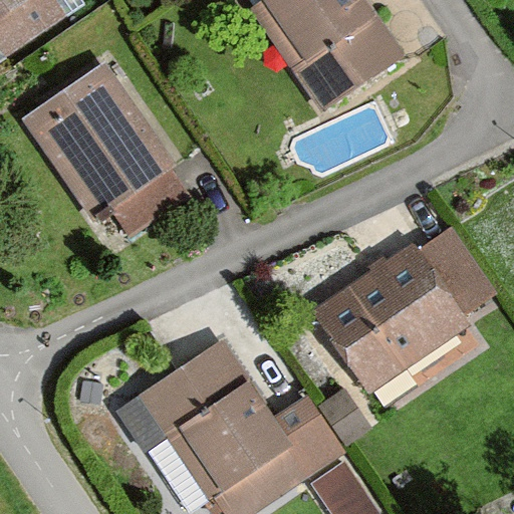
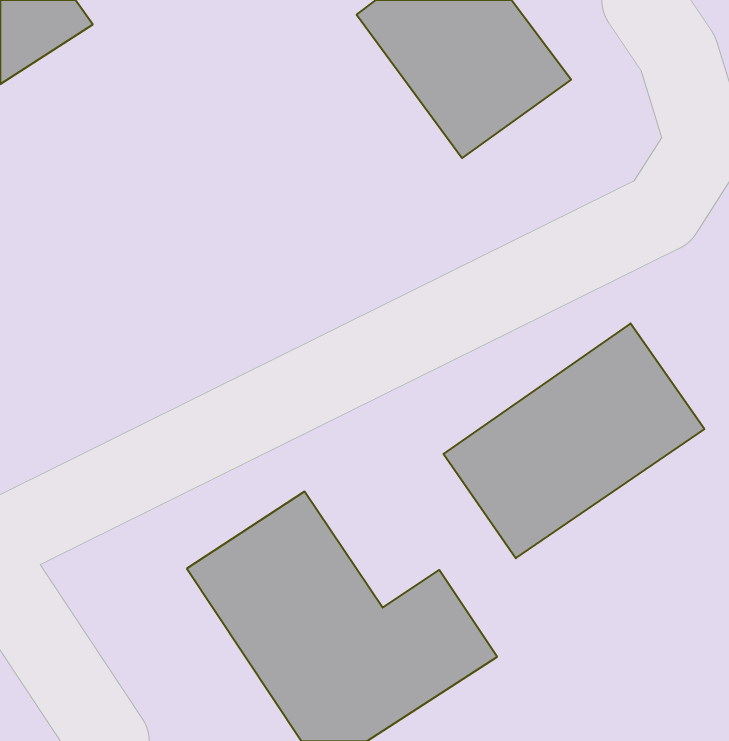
building: [17,57,194,241] -> none

